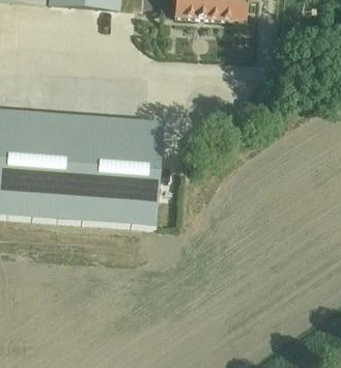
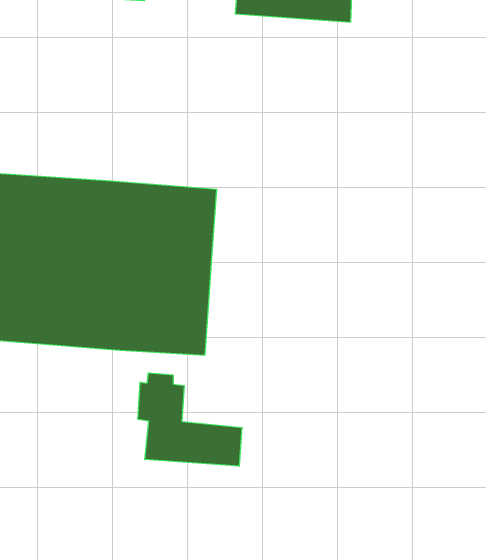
building: none -> [138,373,242,466]

